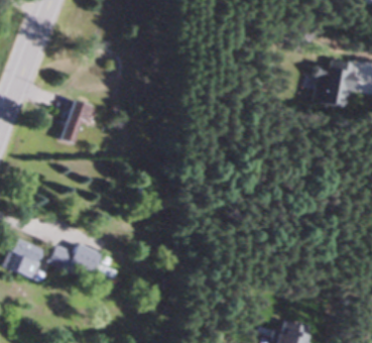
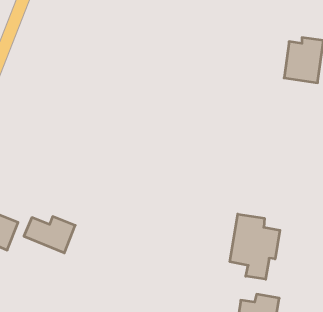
building: [63,100,93,143] -> none
building: none -> [230,214,280,279]

